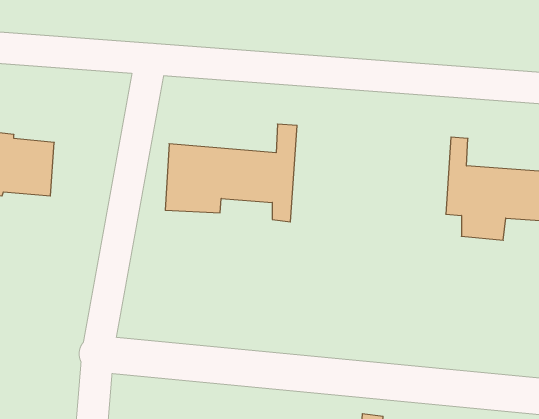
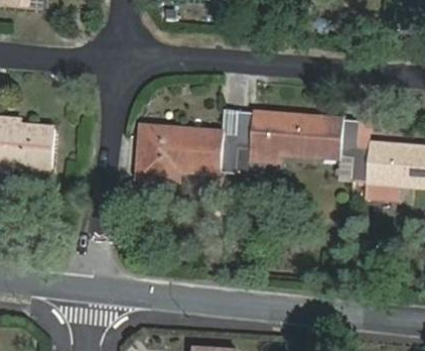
building: none -> [233,111,357,187]

